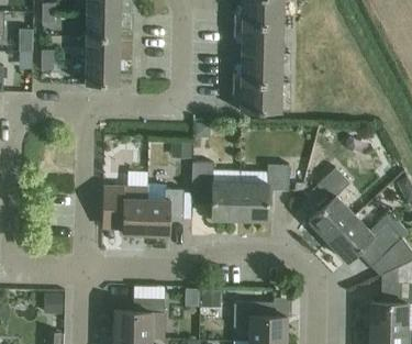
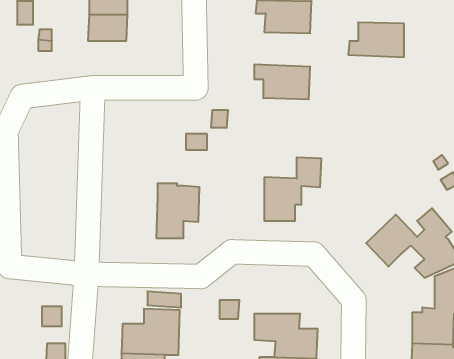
building: [232,53,281,84] -> [348,22,404,57]
building: [85,60,119,86] -> none
building: [192,162,241,220] -> none
building: [311,167,357,240] -> none
building: [102,188,146,235] -> none

